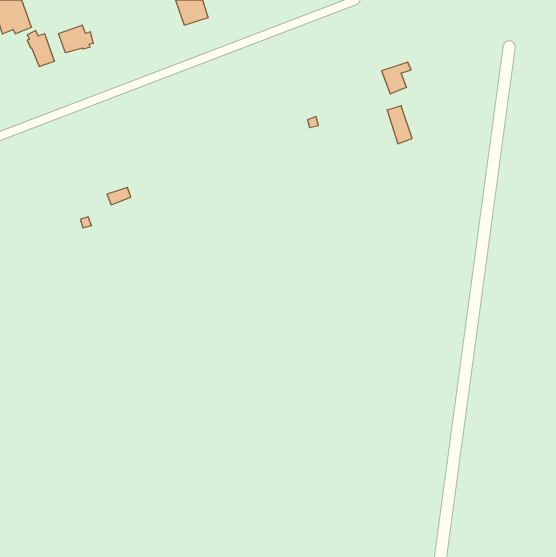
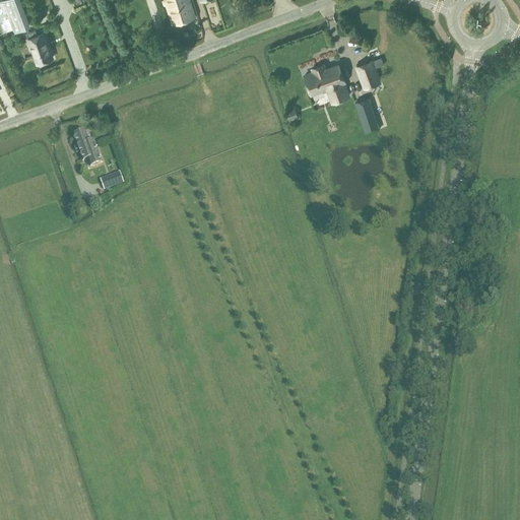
building: [59,25,93,53] -> none
building: none -> [304,65,347,100]
building: none -> [73,132,101,168]

